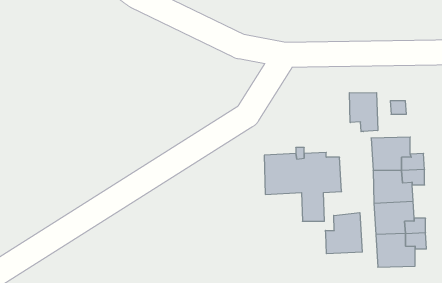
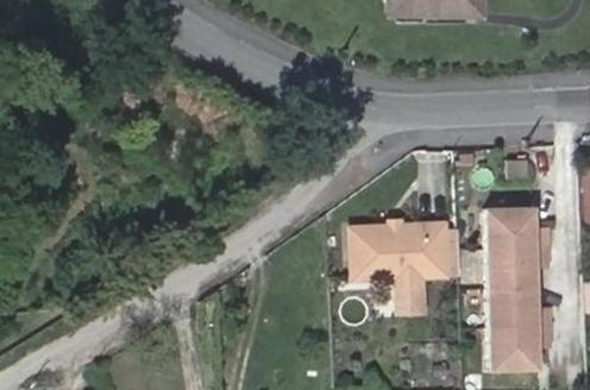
building: [350,93,378,132] -> none
building: [325,213,362,254] -> none

